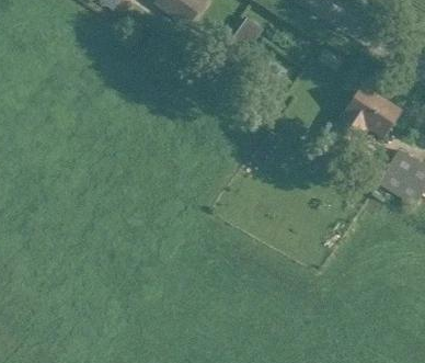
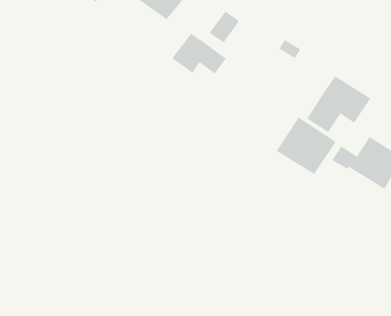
building: none -> [172,33,226,74]
building: none -> [276,117,336,175]

